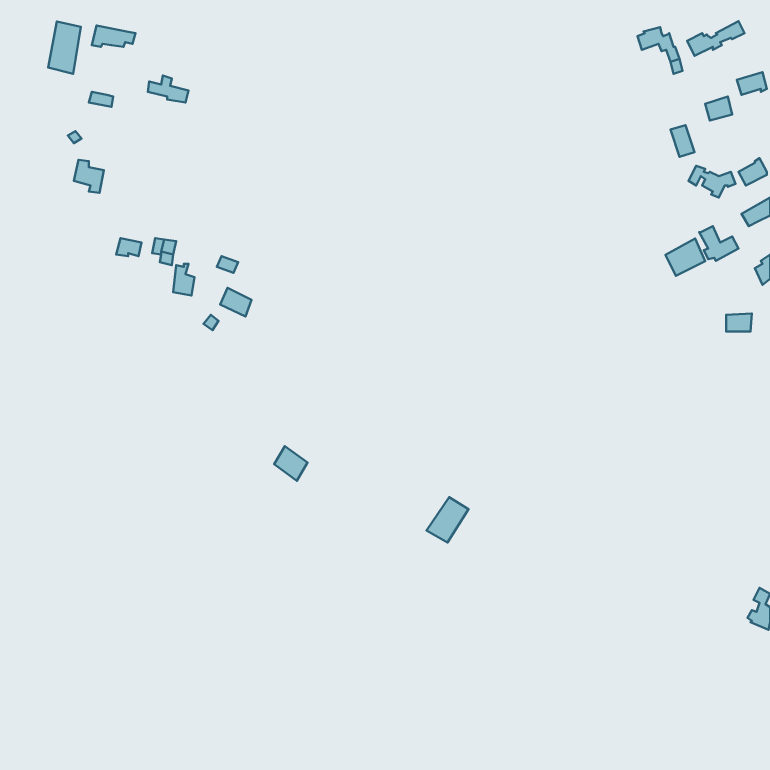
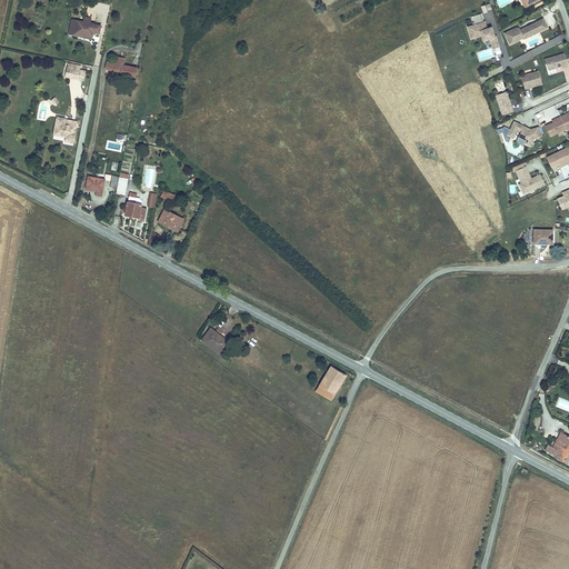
building: [48,22,81,74] -> none
building: [666,239,705,276] -> none

